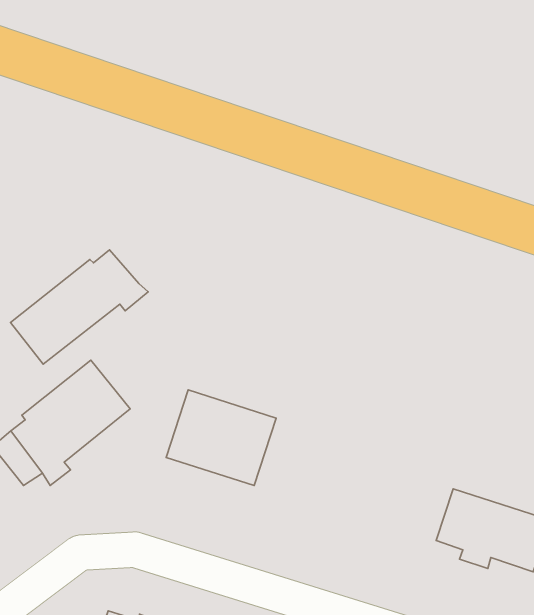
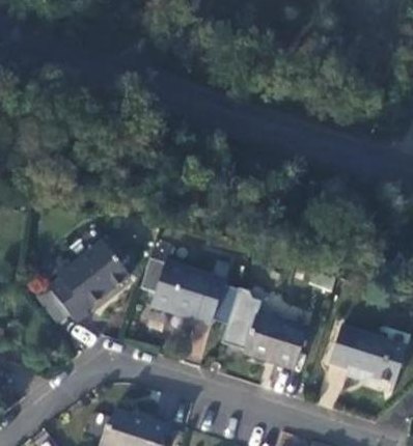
building: [10,250,148,364] -> none
building: none -> [223,286,310,368]

